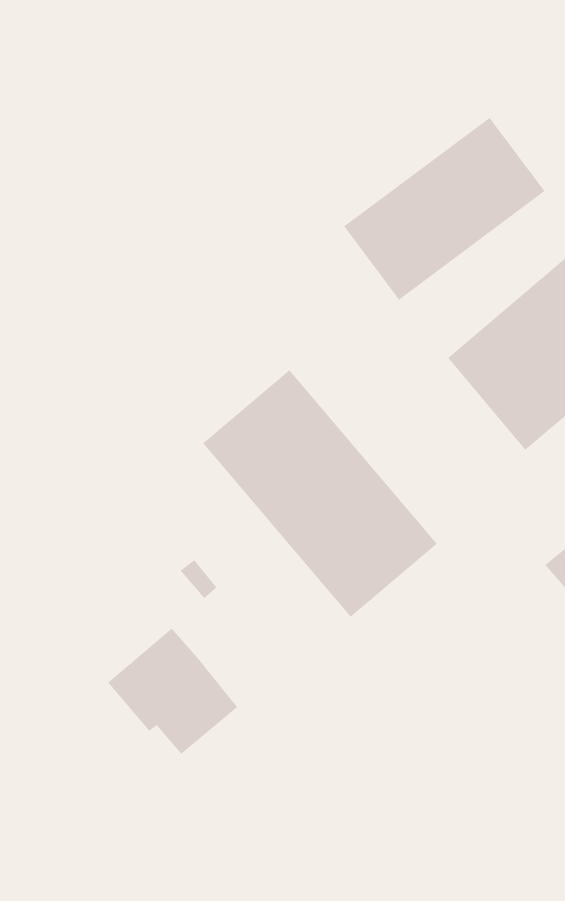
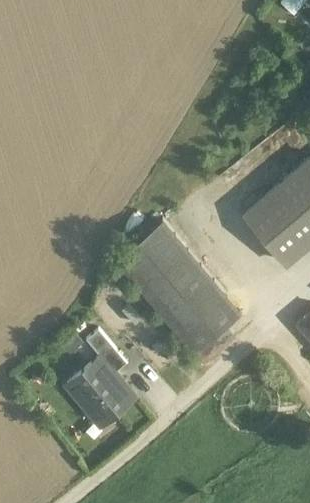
building: [343,117,545,301] -> none
building: none -> [85,331,126,375]

